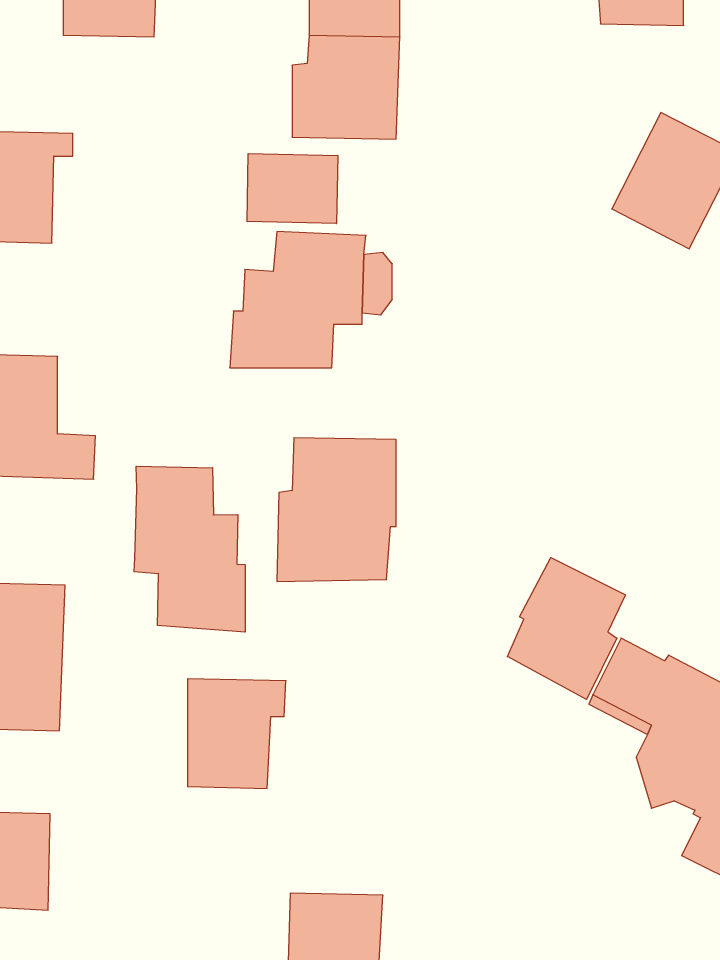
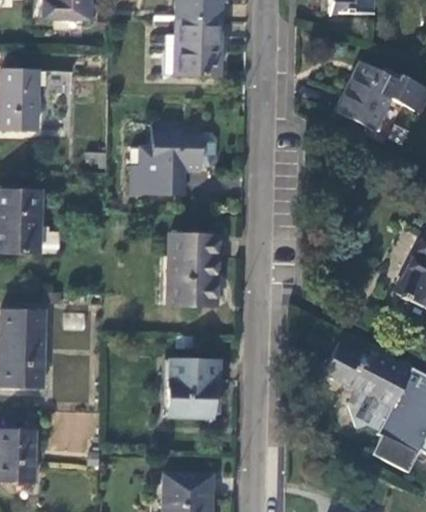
building: [247,154,338,224] -> none
building: [134,466,245,632] -> none
building: [507,558,626,699] -> none
building: [188,679,286,788] -> [168,360,220,418]

